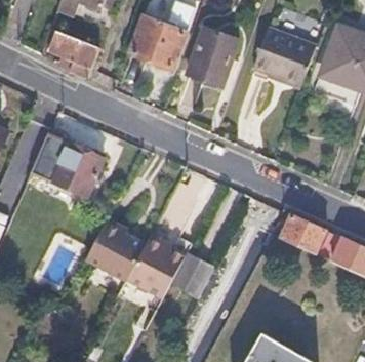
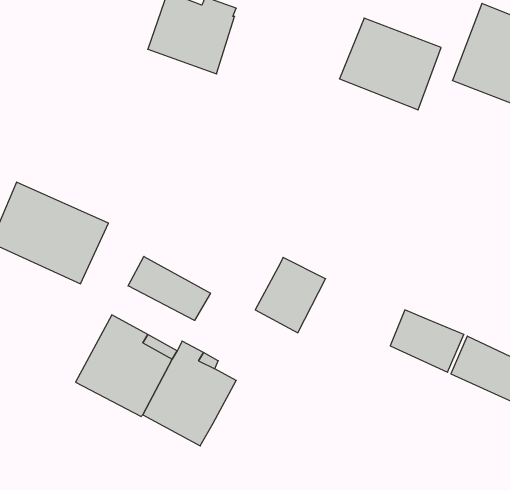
building: [186,29,236,85] -> none
building: [48,30,98,78] -> none
building: none -> [128,256,210,320]
building: [170,253,214,300] -> [255,257,326,333]

